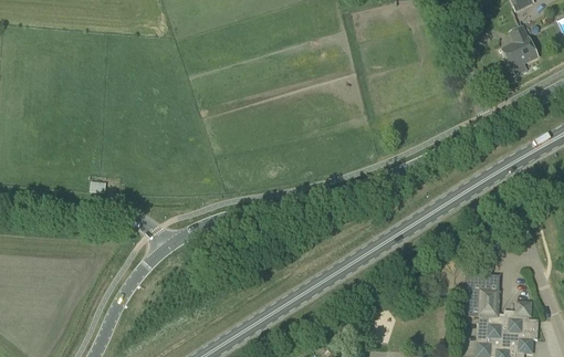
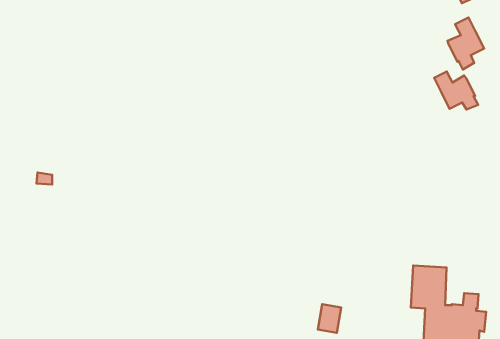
building: none -> [434,71,478,110]

